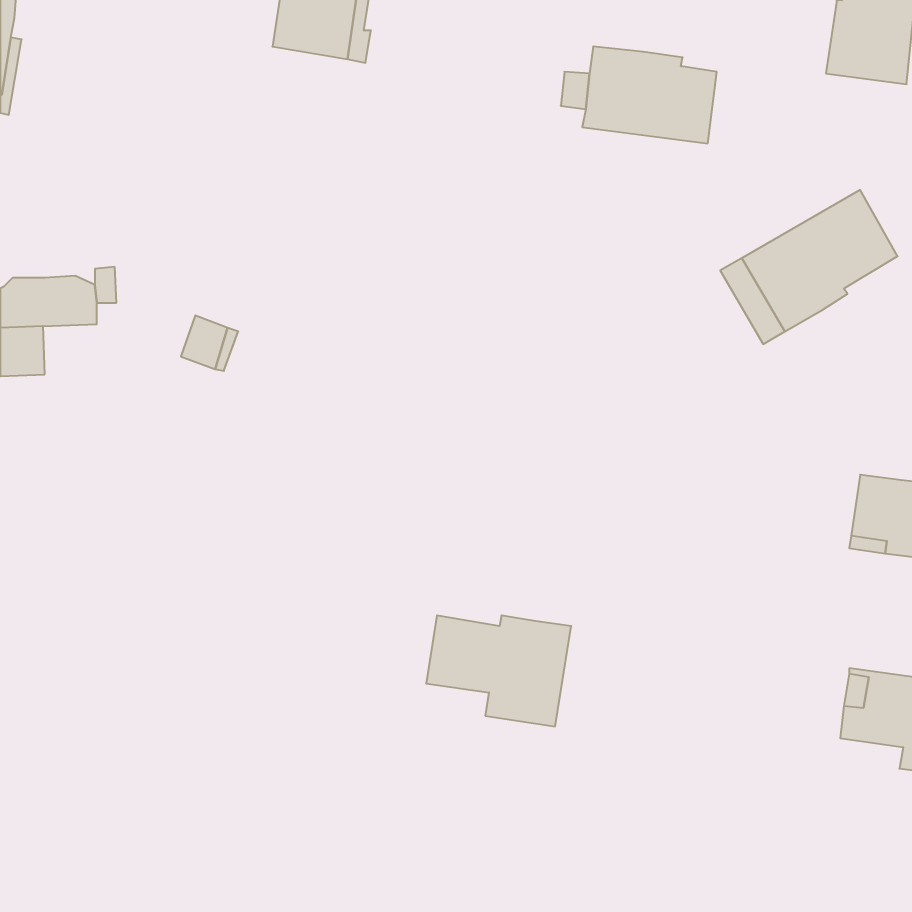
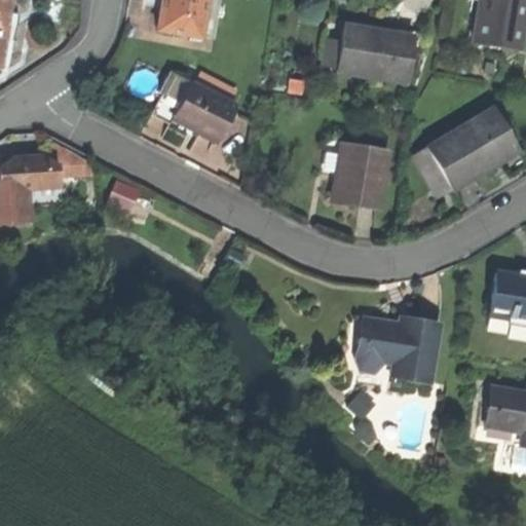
building: none -> [176,81,235,142]
building: none -> [334,144,389,206]
building: [426,615,571,726] -> [356,316,440,380]

